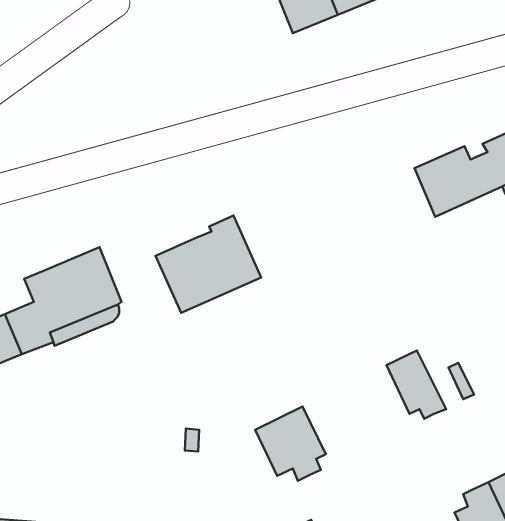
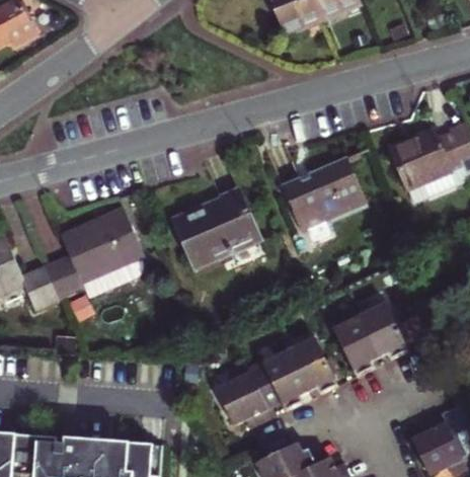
building: none -> [278,159,362,237]
building: none -> [333,311,379,372]
building: none -> [290,333,337,390]
building: none -> [218,360,273,425]

